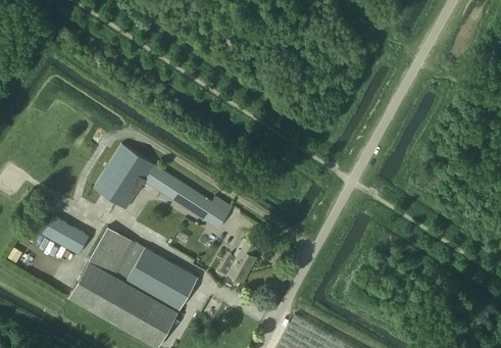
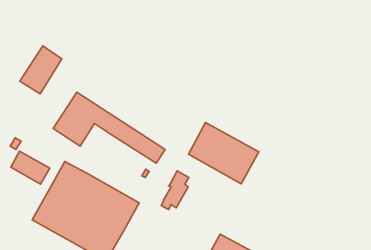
building: none -> [20,46,62,94]
building: none -> [188,123,259,184]

